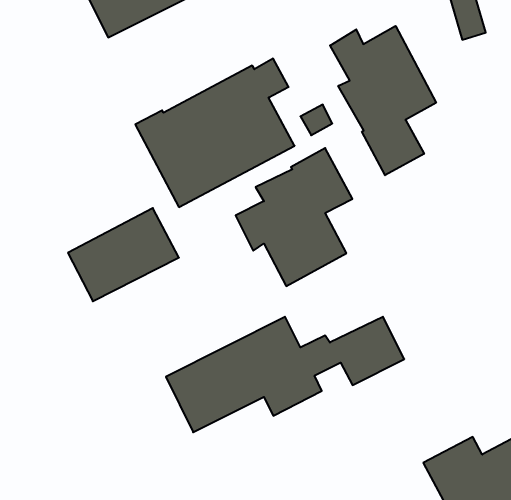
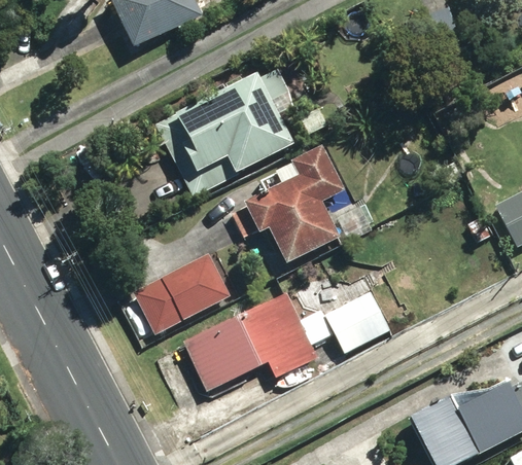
building: [330,26,436,175] -> none
building: [68,208,179,301] -> [134,252,231,333]

